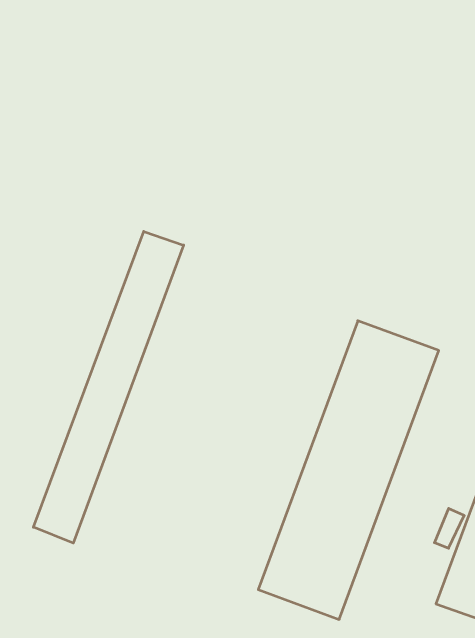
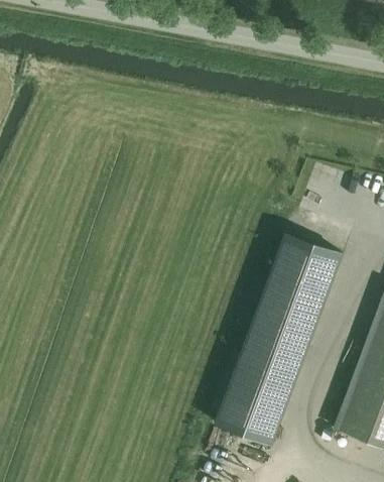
building: [33,231,184,543] -> none

